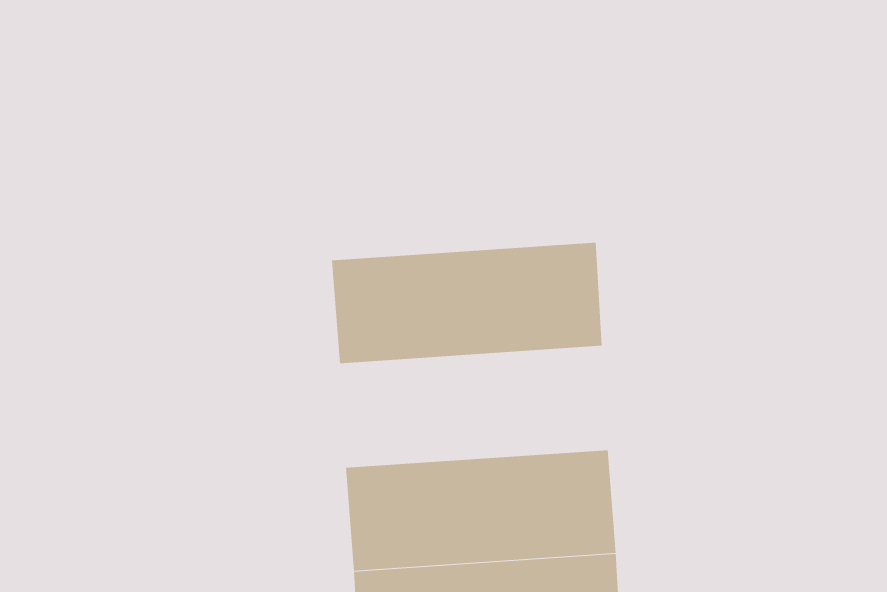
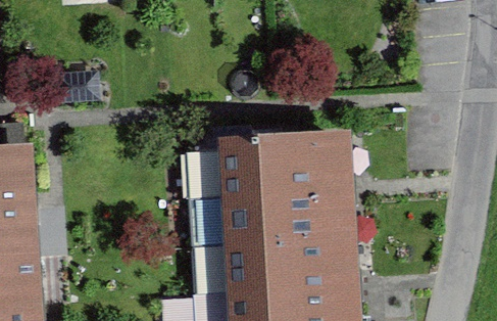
building: none -> [215,181,353,243]

